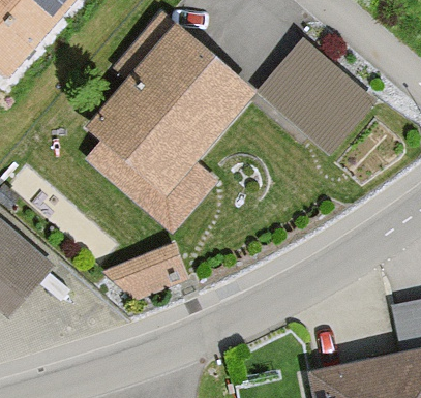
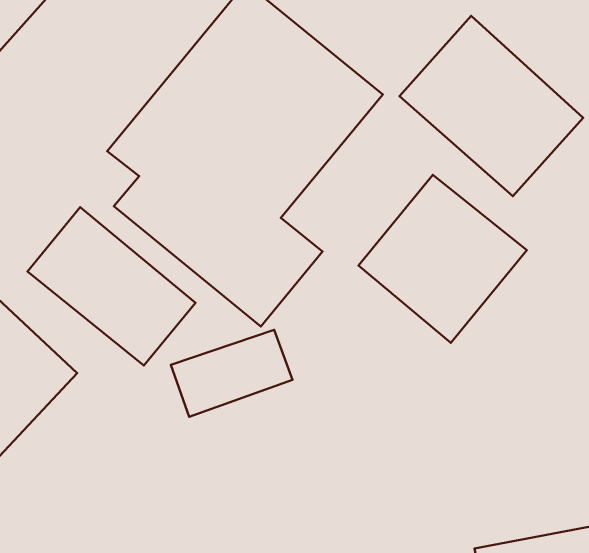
building: none -> [358,175,527,343]
building: none -> [27,207,195,366]

